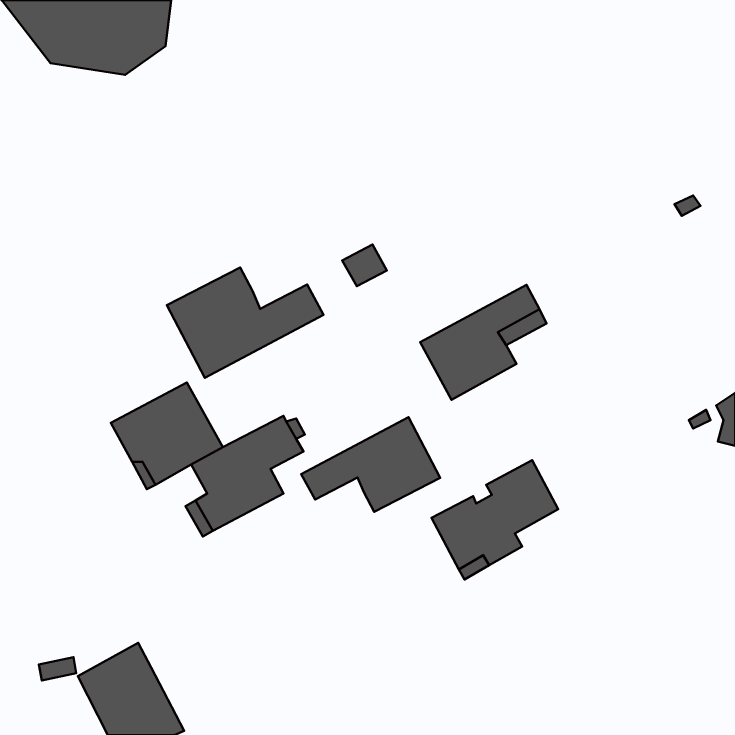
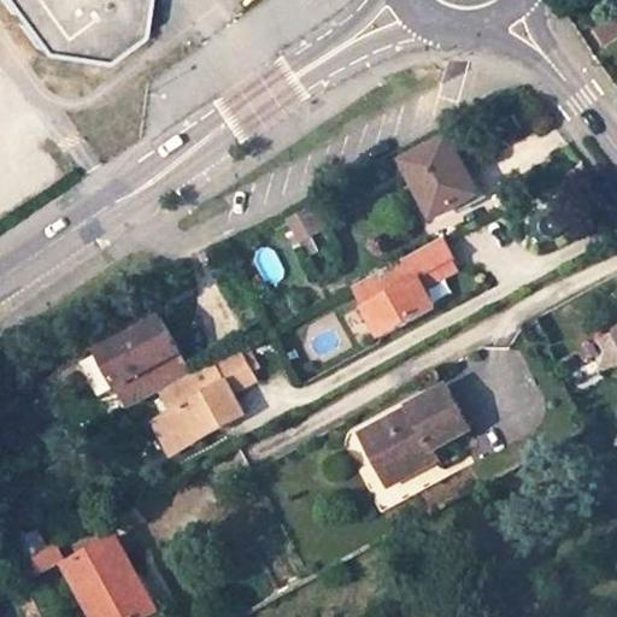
building: none -> [400,139,477,219]
building: [167,268,324,378] -> none
building: [301,417,440,512] -> none

